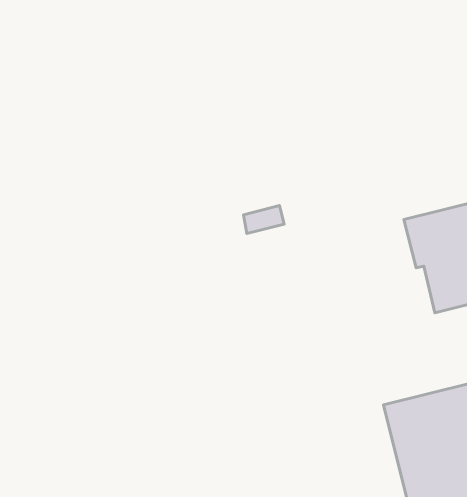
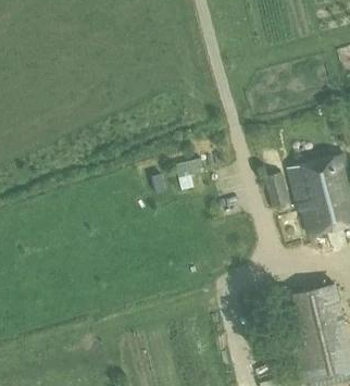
building: none -> [264,173,290,208]

